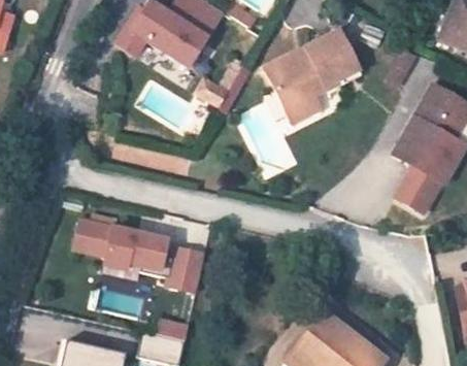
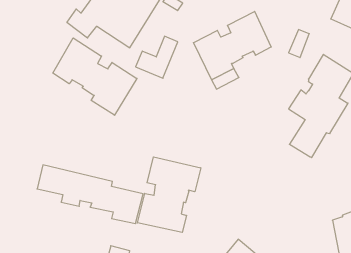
building: none -> [53,38,137,115]
building: none -> [137,157,201,232]

